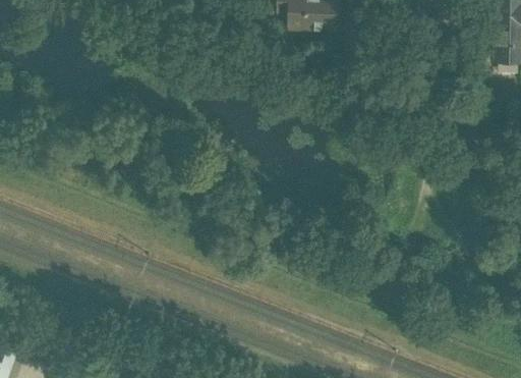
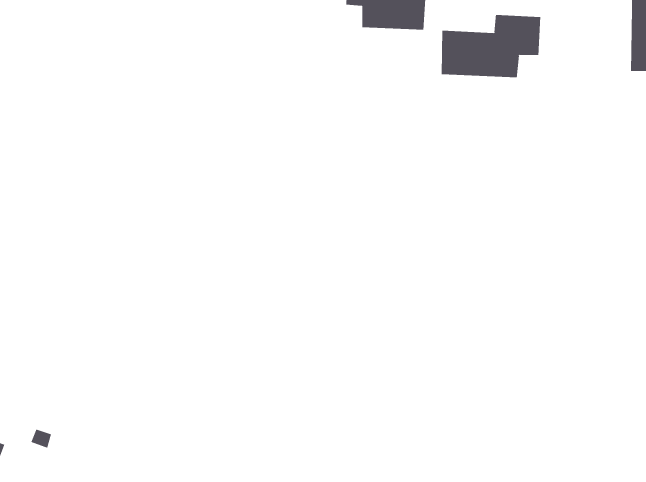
building: none -> [441,14,541,78]

